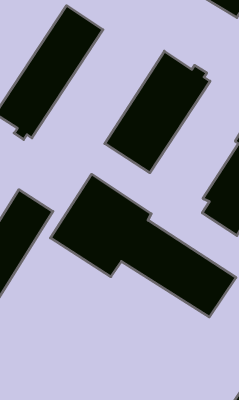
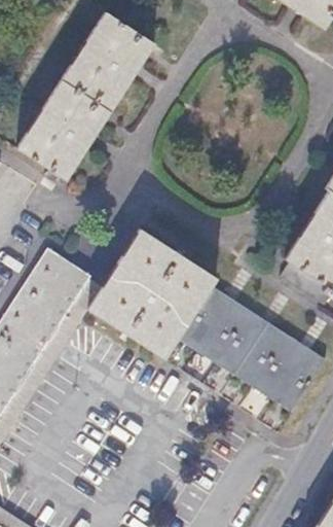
building: [105,51,210,173] -> none

